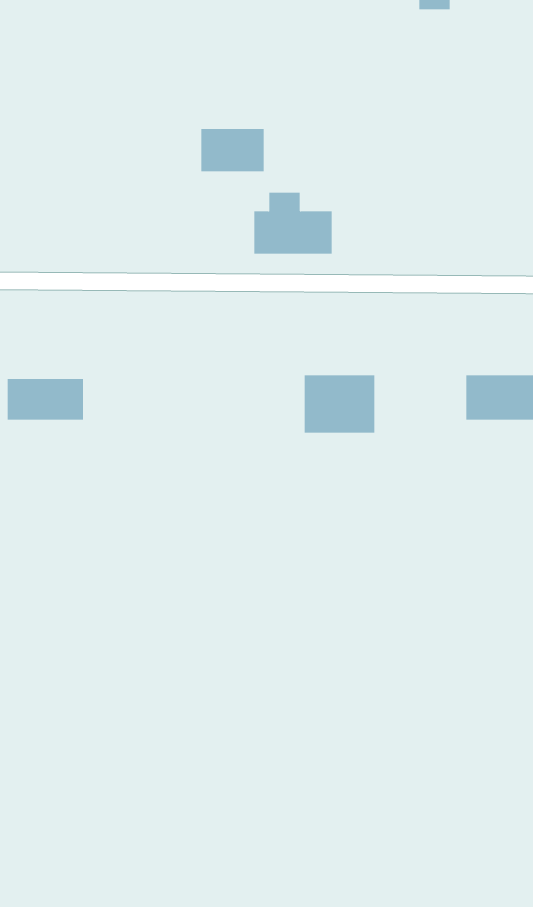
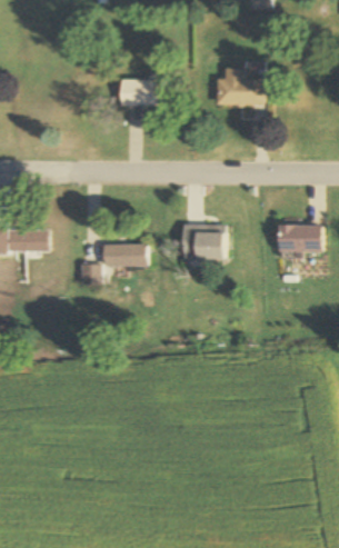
building: [254,192,333,254] -> [217,67,263,103]
building: none -> [82,243,147,286]

